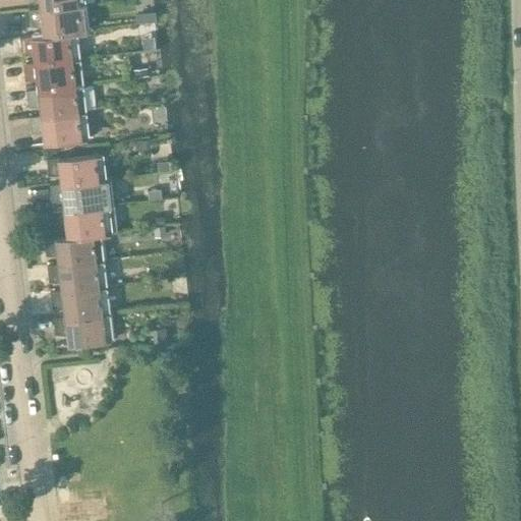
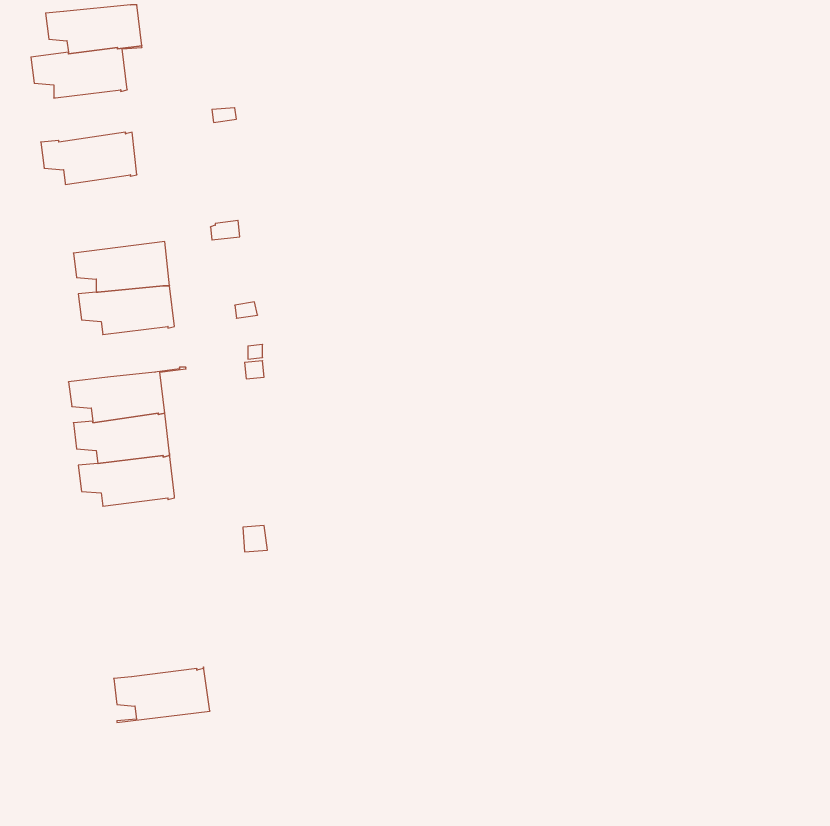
building: [24,61,84,94] -> none
building: [31,114,91,148] -> none
building: [54,208,118,240] -> none
building: [55,314,115,349] -> [114,667,210,722]

